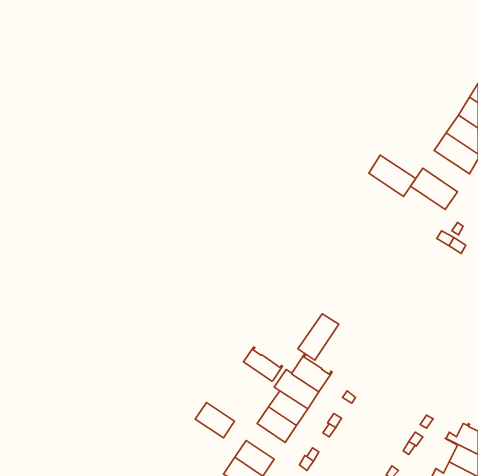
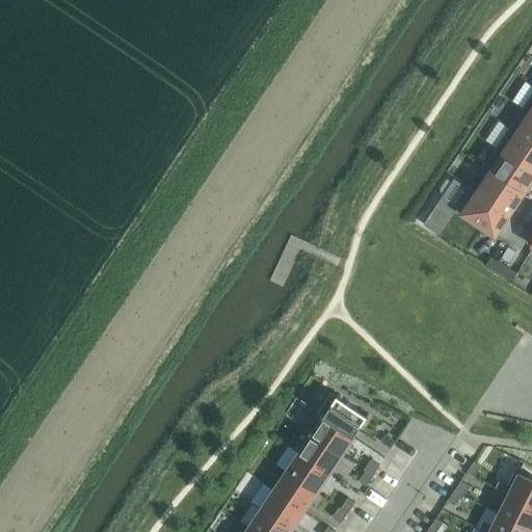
building: [369,155,416,196] -> [470,169,522,215]
building: [298,314,339,360] -> none
building: [244,347,283,381] -> none
building: [195,402,235,438] -> [273,473,317,512]

